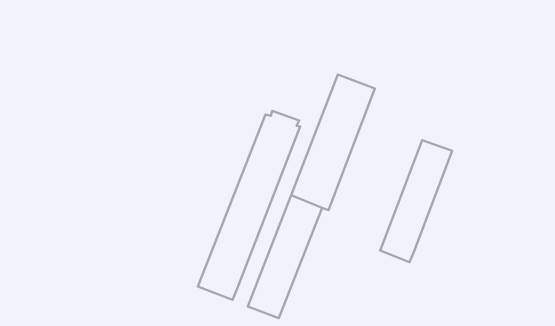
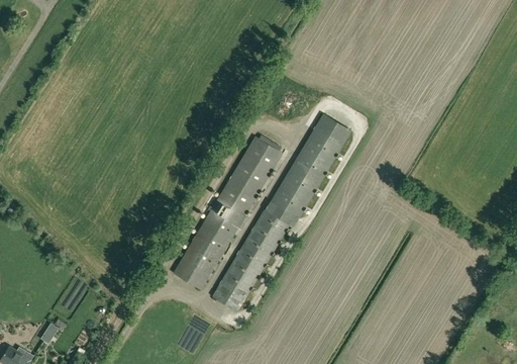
building: [380,140,452,262] -> none

